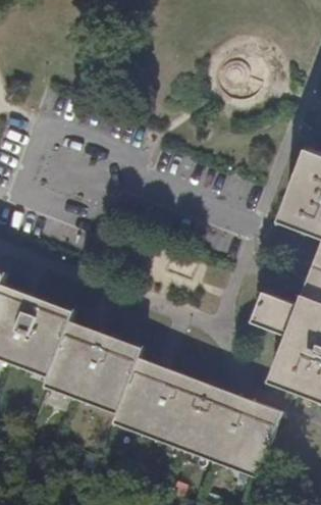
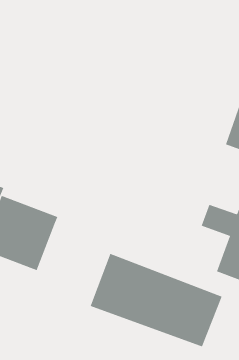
building: [45,320,143,416] -> none

